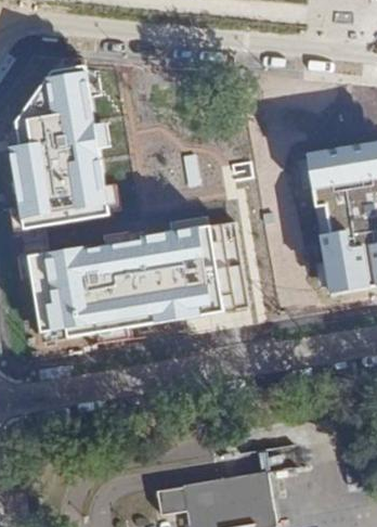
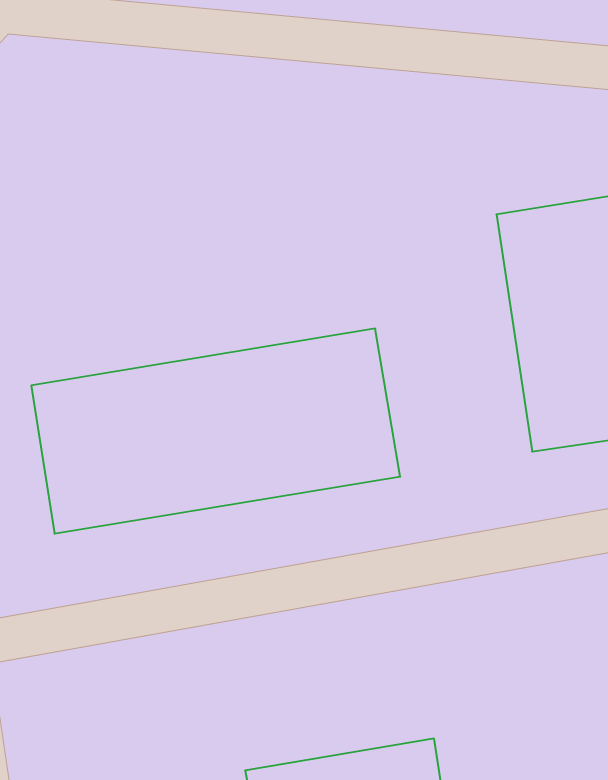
building: [11,67,110,228] -> none

